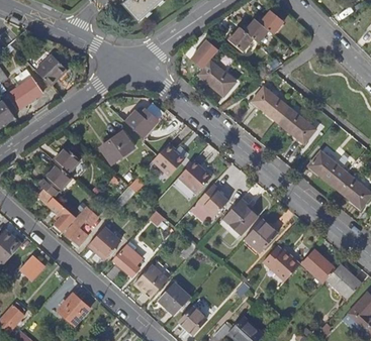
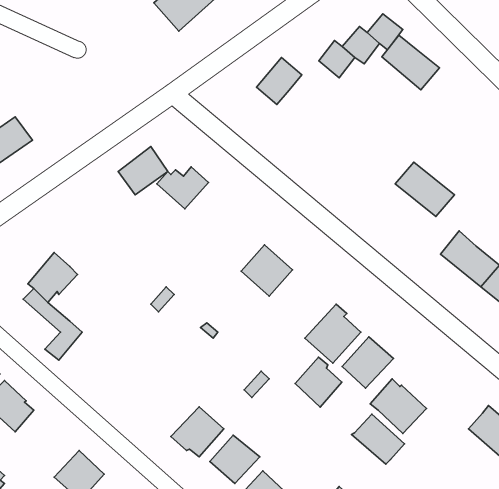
building: [35,53,67,85] -> none
building: [198,60,235,94] -> none
building: [254,85,291,120] -> [382,35,439,90]
building: [101,131,133,162] -> [118,146,168,195]
building: [153,142,185,176] -> none
building: [54,146,80,174] -> none
building: [197,185,227,217] -> [295,357,342,407]
building: [66,206,98,245] -> none
building: [89,226,121,257] -> none
building: [114,245,142,275] -> none
building: [301,249,336,281] -> [351,414,404,464]

